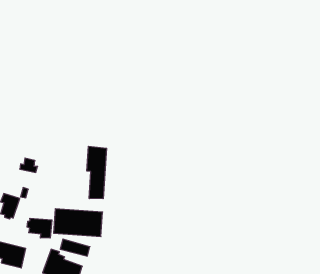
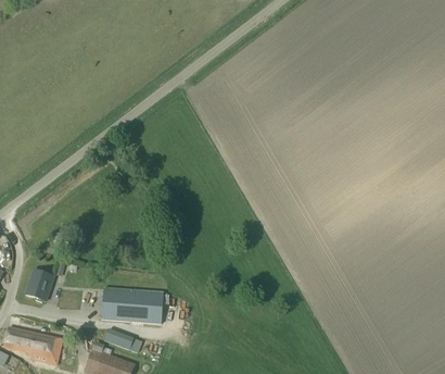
building: [87,146,107,199] -> none
building: [27,218,52,238] -> none

